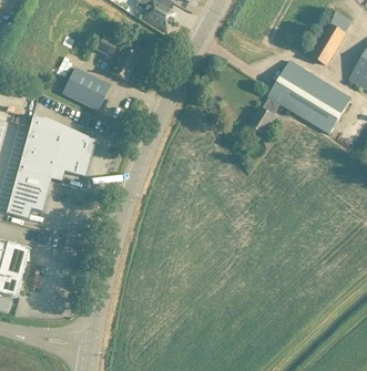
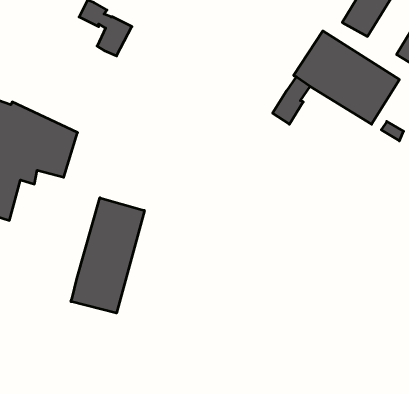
building: [61,66,110,111] -> none
building: none -> [71,198,144,313]

